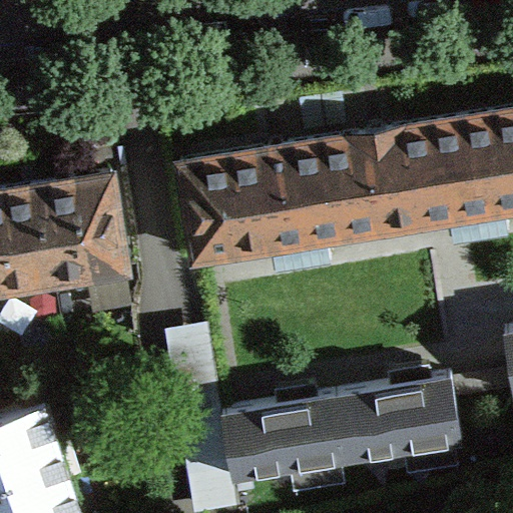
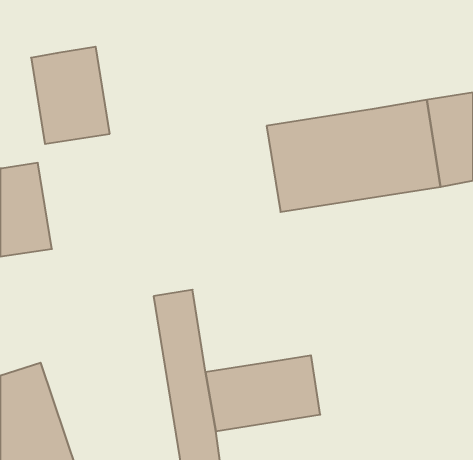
building: [180,150,304,262] -> none
building: [41,178,126,284] -> [31,47,110,144]
building: [337,380,461,463] -> none

